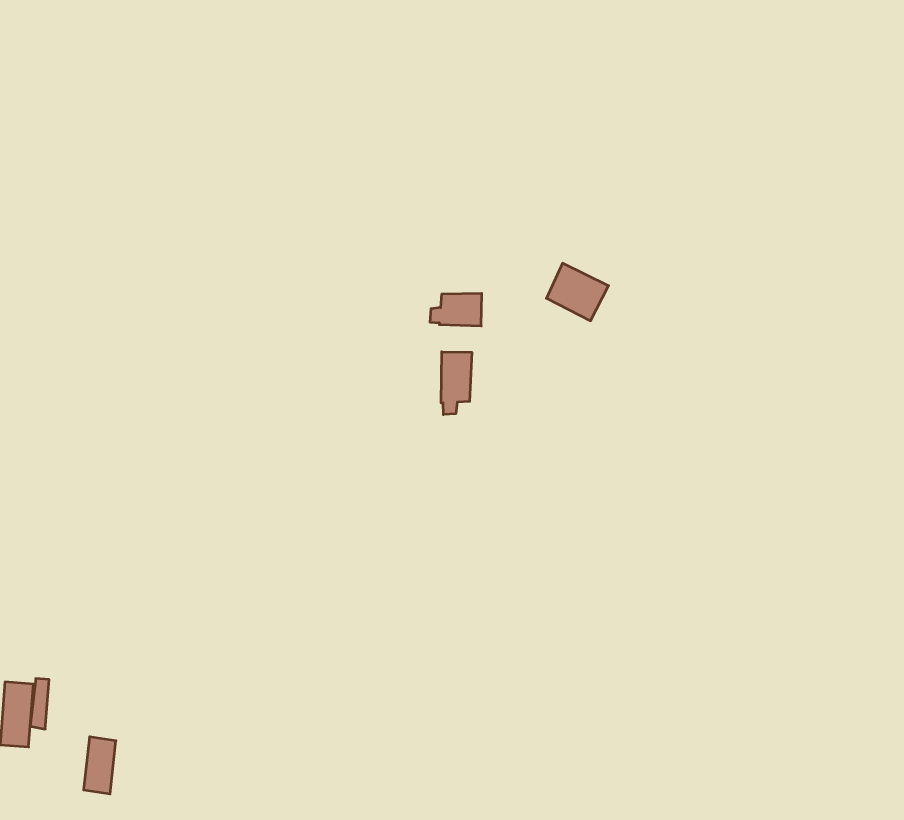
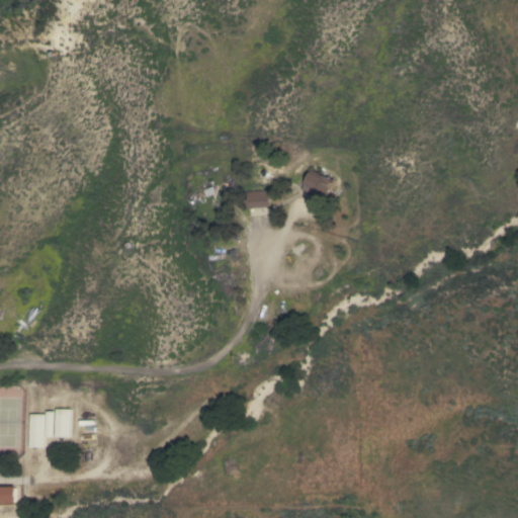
building: [441,352,472,415] -> none
building: [84,737,116,794] -> [55,408,70,437]

